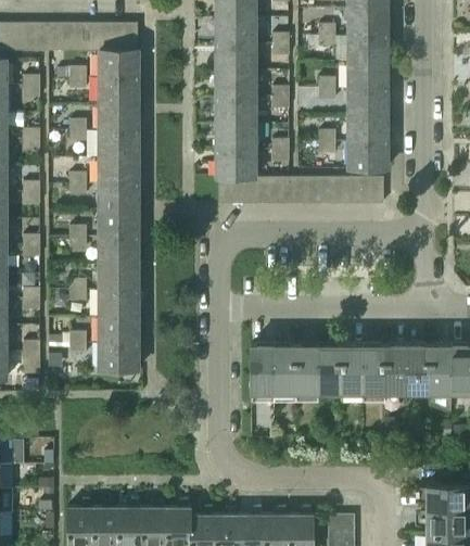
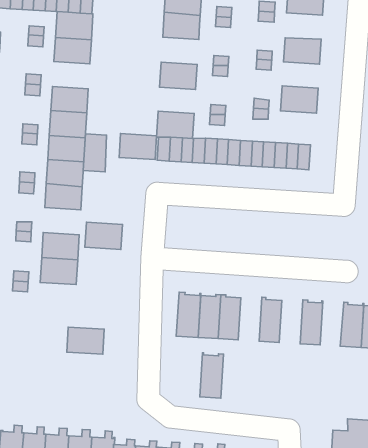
building: [348,36,388,63] -> none
building: [216,71,255,98] -> none
building: [348,89,388,115] -> none
building: [100,104,139,131] -> none
building: [216,125,255,151] -> [119,133,157,160]
building: [348,142,388,169] -> none
building: none -> [83,134,106,172]
building: [100,263,139,290] -> [85,222,122,250]
building: [100,344,139,371] -> [67,327,104,354]
building: [318,345,341,393] -> [200,353,224,398]
building: [363,345,385,393] -> none
building: [407,345,430,393] -> none

